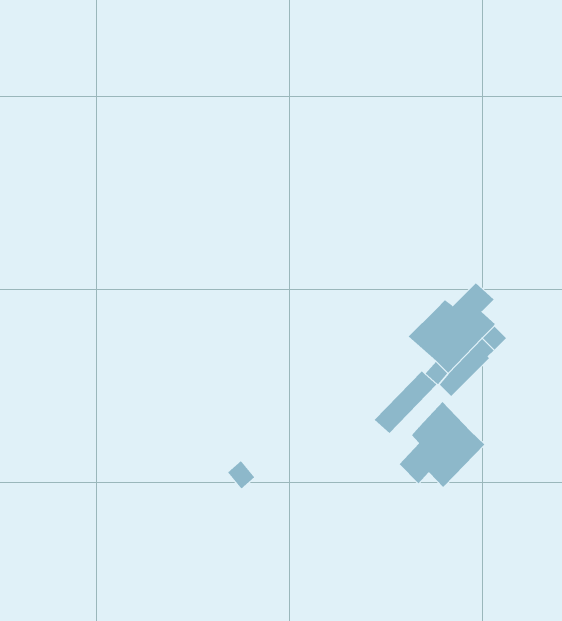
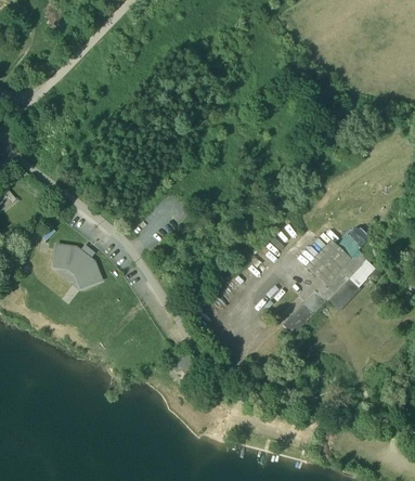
building: none -> [52,244,100,285]
building: [399,401,485,488] -> none

